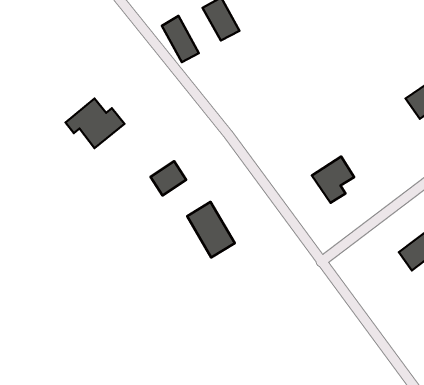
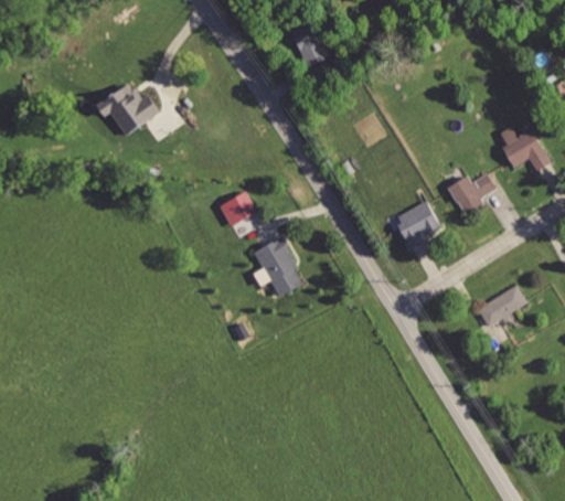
building: [162,16,199,62] -> none
building: [66,98,125,148] -> [96,82,159,135]
building: none -> [447,173,498,217]

